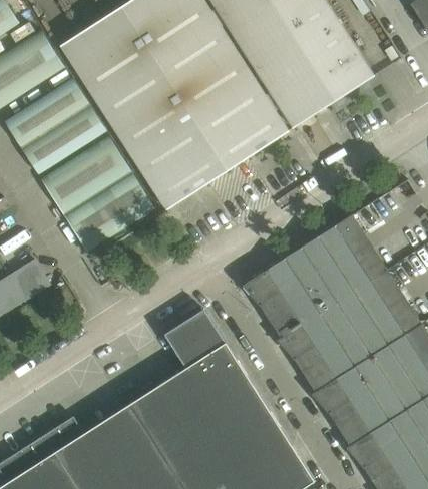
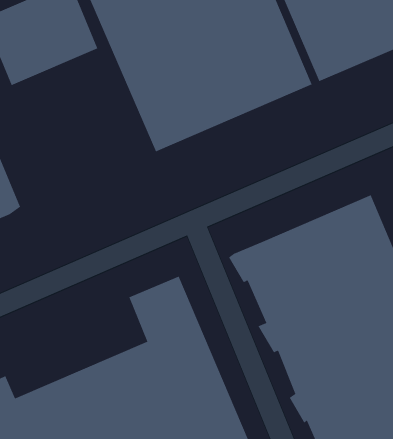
building: [40,137,156,255] -> none

